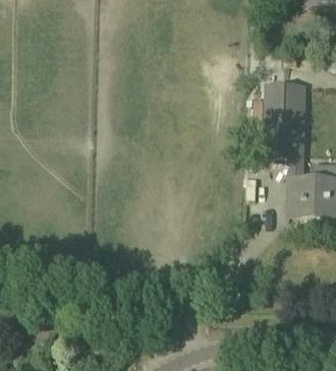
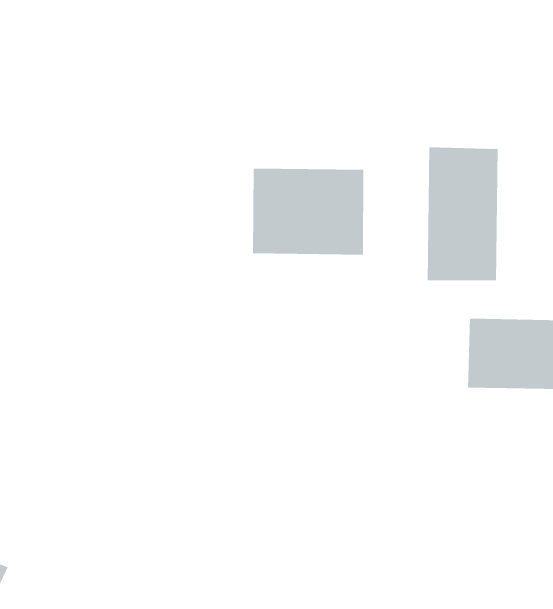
building: none -> [252,168,364,255]

